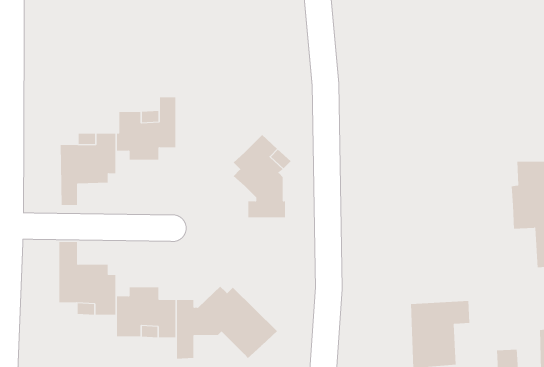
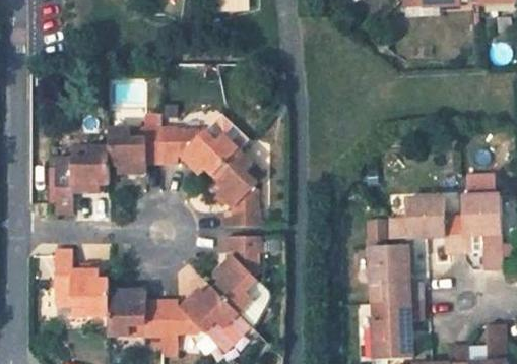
building: none -> [159,115,246,176]
building: none -> [386,197,462,256]
building: none -> [210,237,268,327]
building: none -> [367,246,423,303]

